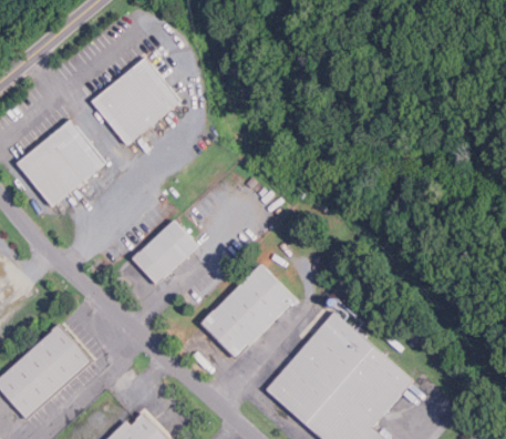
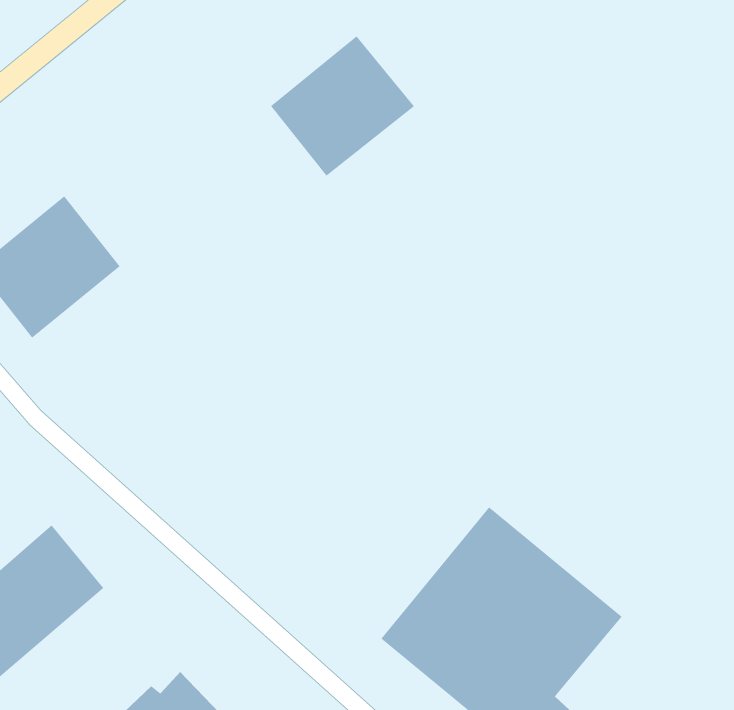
building: [91,58,179,144] -> [270,36,415,177]
building: [132,219,196,283] -> none
building: [205,263,297,357] -> none

